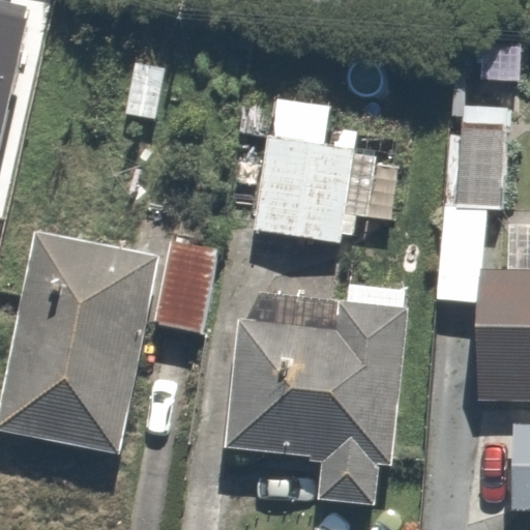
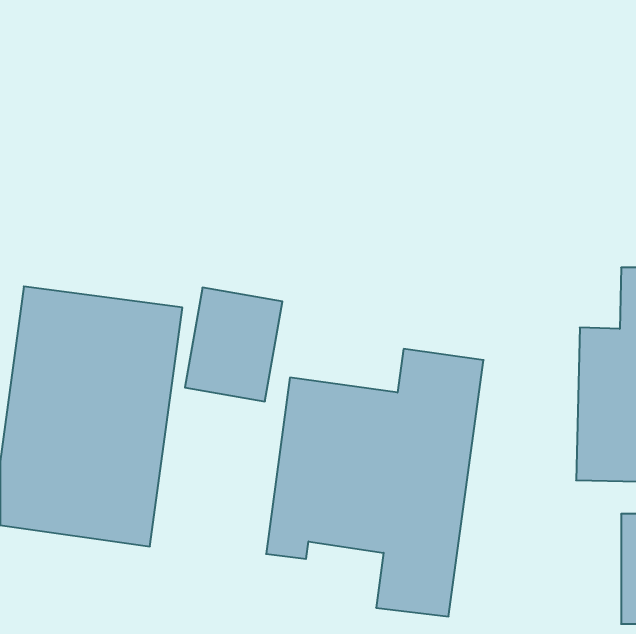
building: [254,85,370,248] -> none
building: [450,97,517,215] -> none

